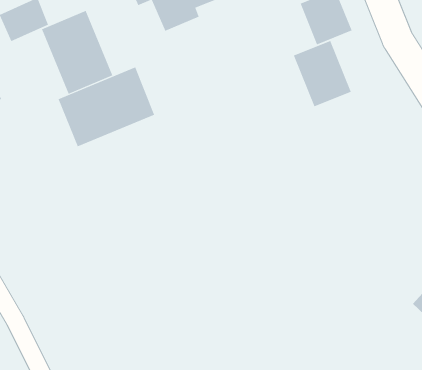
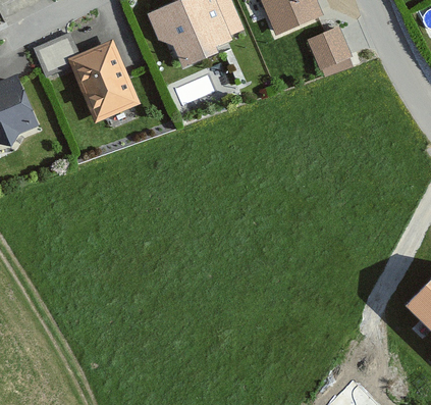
building: [293,40,351,107] -> none
building: [58,67,155,147] -> none

